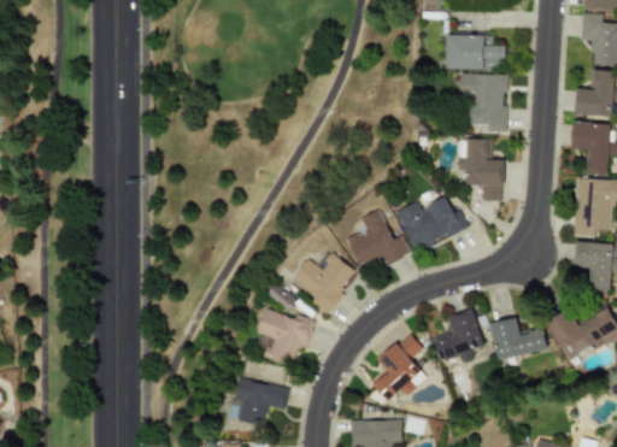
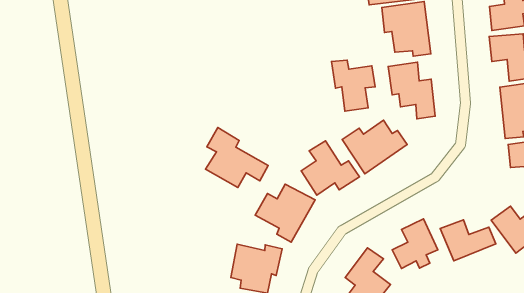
building: none -> [331,60,375,111]
building: none -> [206,127,268,187]

